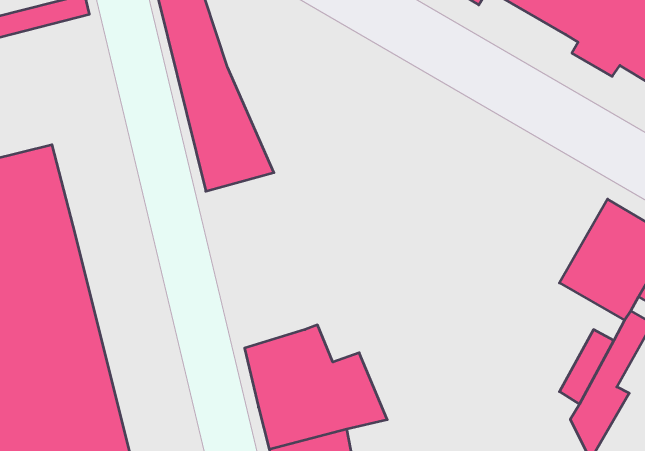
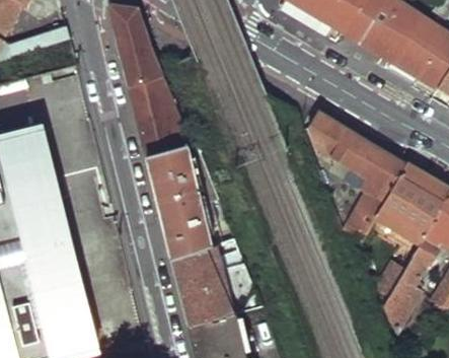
building: none -> [309,111,408,236]
building: none -> [146,144,220,261]

